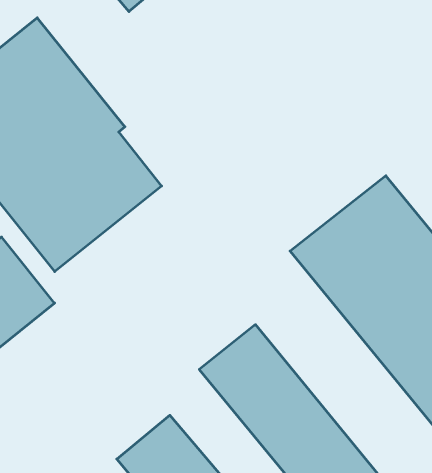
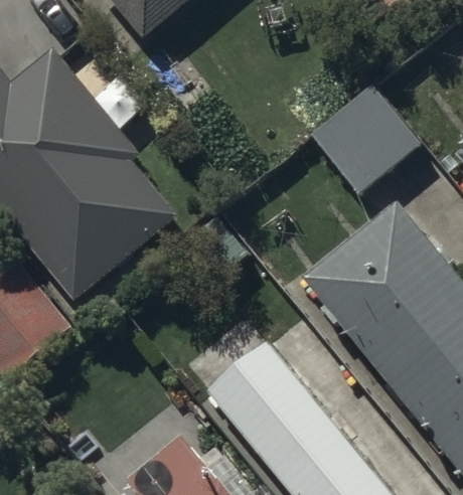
building: none -> [310,84,421,194]

